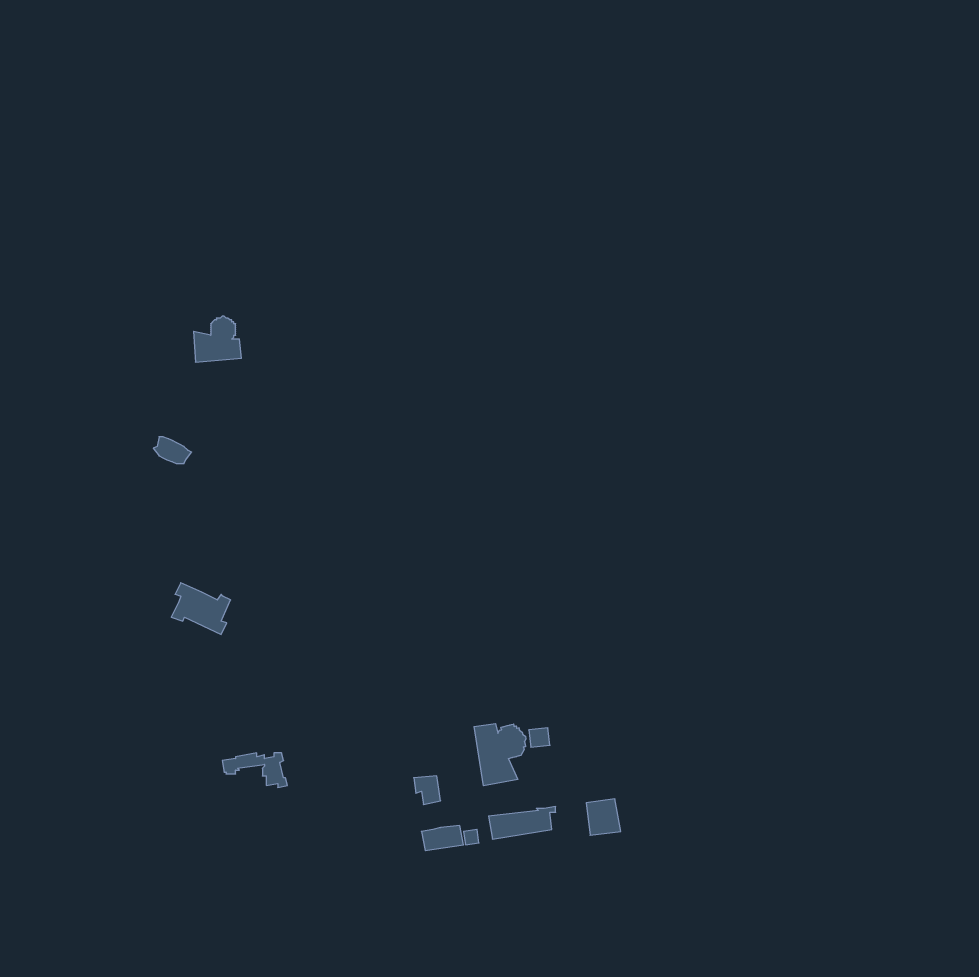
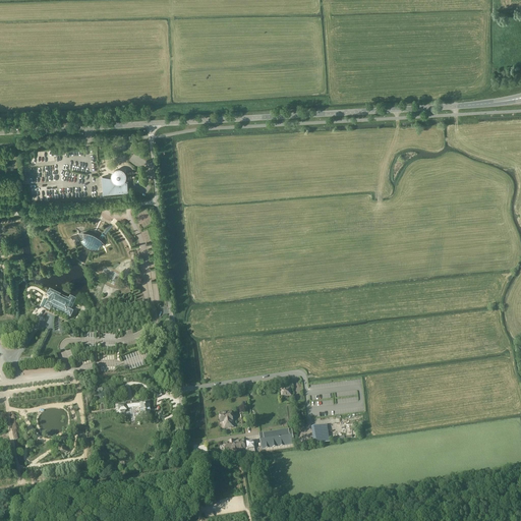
building: [171,583,231,634] -> [44,290,75,317]
building: [474,724,526,786] -> none

